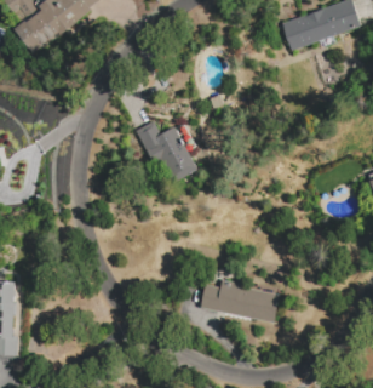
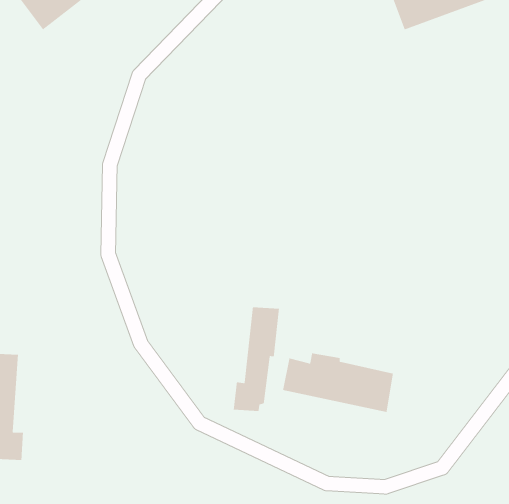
building: [136,120,199,187] -> none
building: none -> [233,307,280,412]

